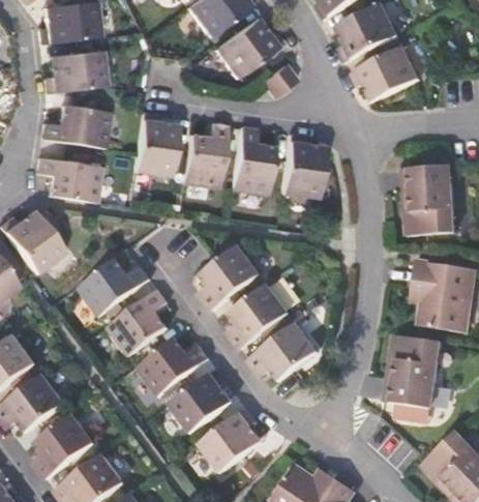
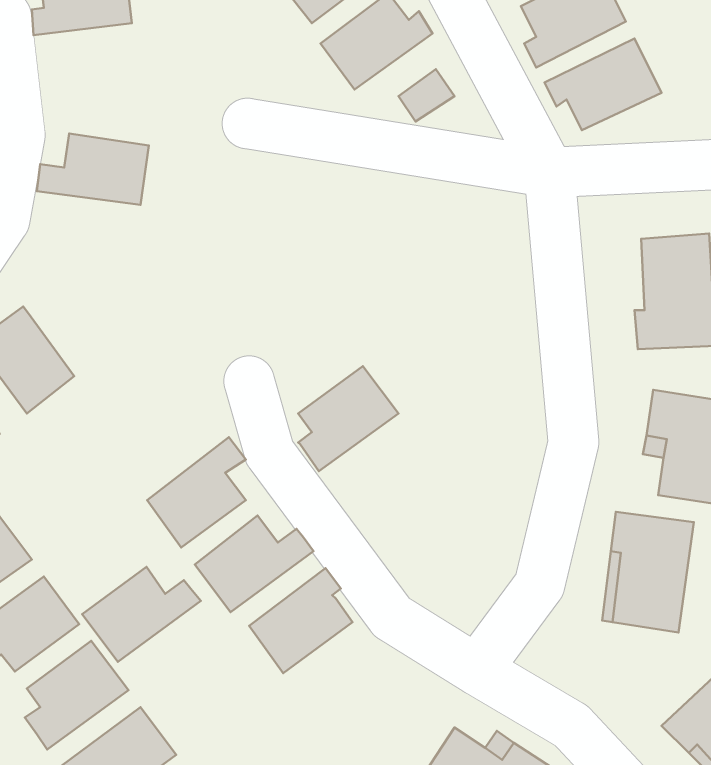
building: [42,49,102,92] -> none
building: [131,111,175,175] -> none
building: [180,121,226,186] -> none
building: [229,125,271,194] -> none
building: [278,132,322,197] -> none
building: [34,155,99,201] -> none
building: [77,257,149,315] -> [82,567,201,662]
building: [227,282,289,348] -> none
building: [247,321,318,379] -> none
building: [198,407,261,471] -> none

